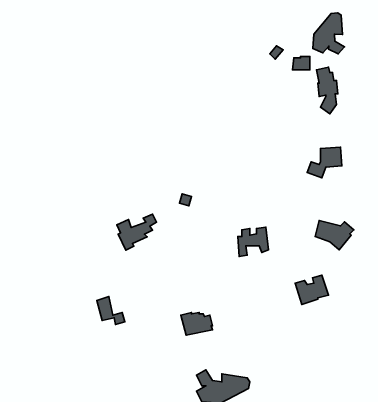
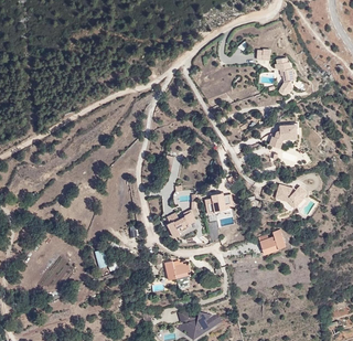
building: [313,13,344,54] -> none
building: [117,214,157,250] -> [165,207,199,237]

